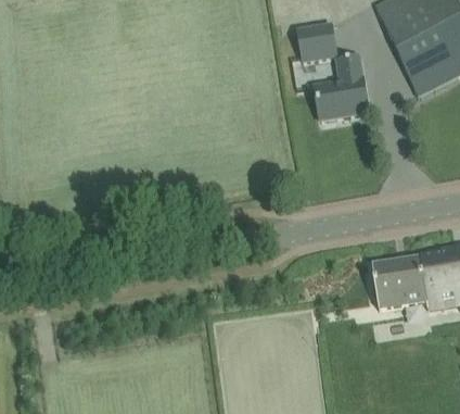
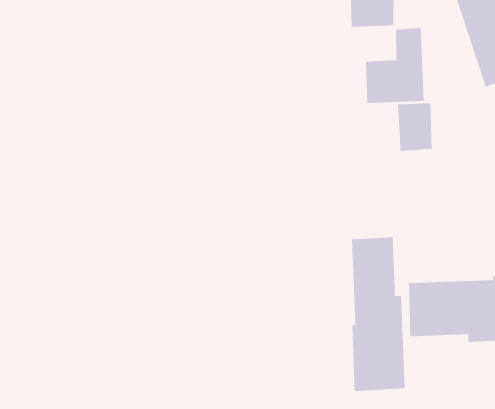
building: none -> [397,103,432,152]
building: none -> [352,237,405,392]

